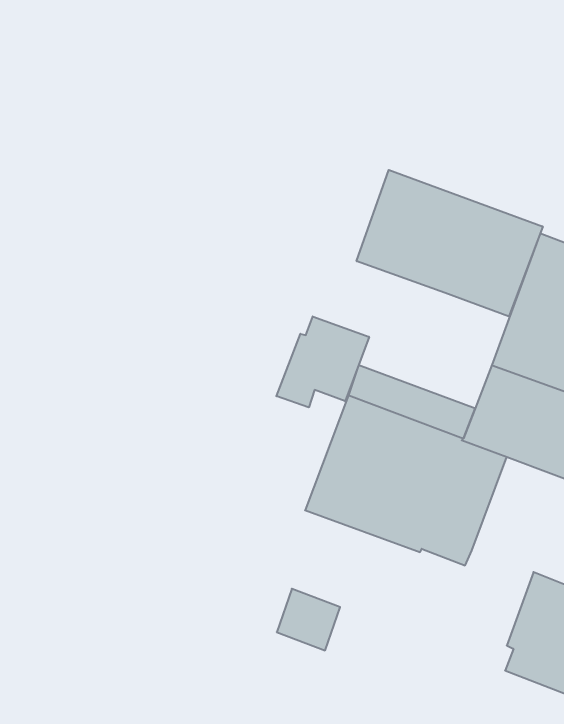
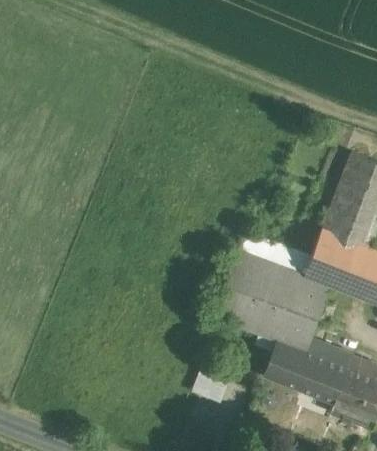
building: [357,170,543,317] -> none
building: [276,316,369,407] -> none
building: none -> [266,341,346,399]

